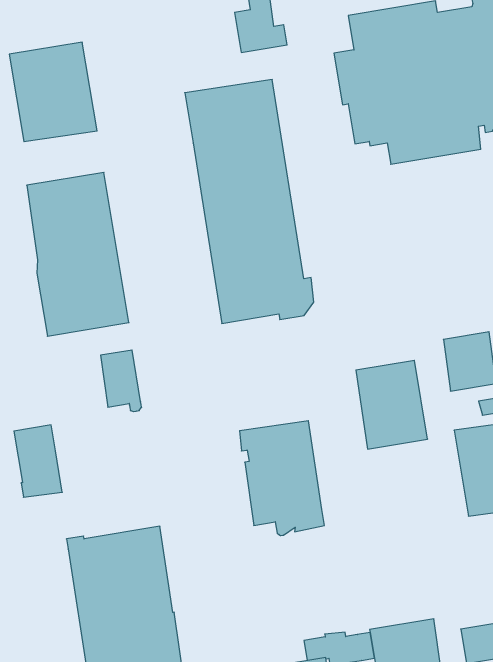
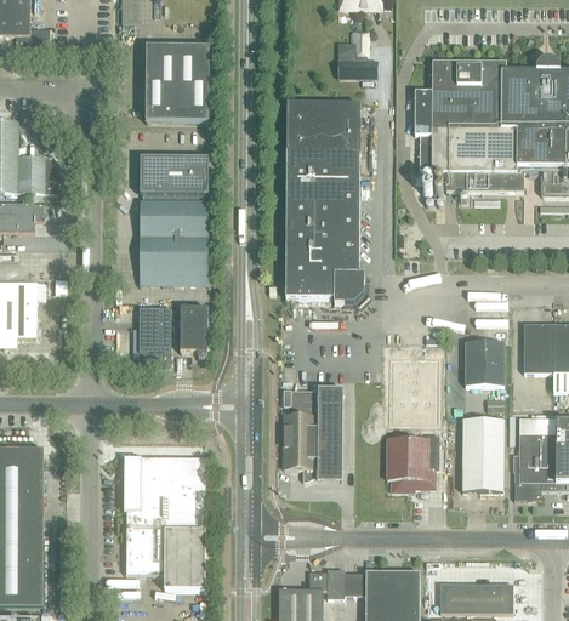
building: [14,425,62,497] -> [138,307,171,364]
building: none -> [387,433,439,490]

